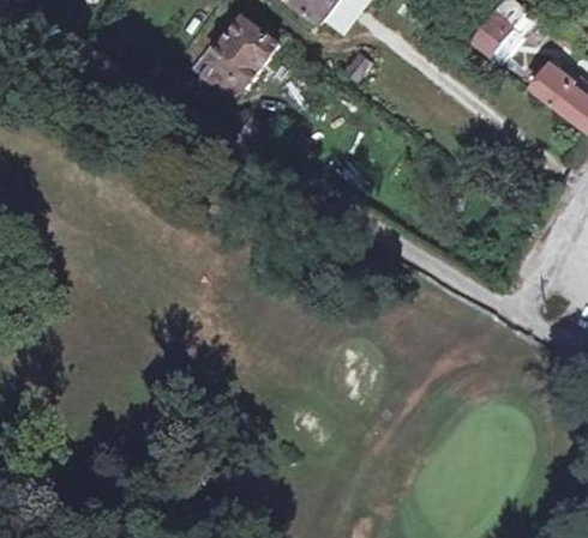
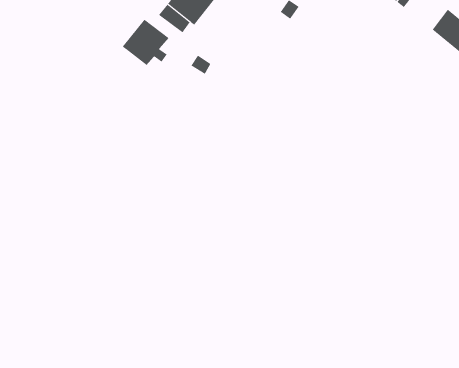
building: none -> [122,19,170,66]

